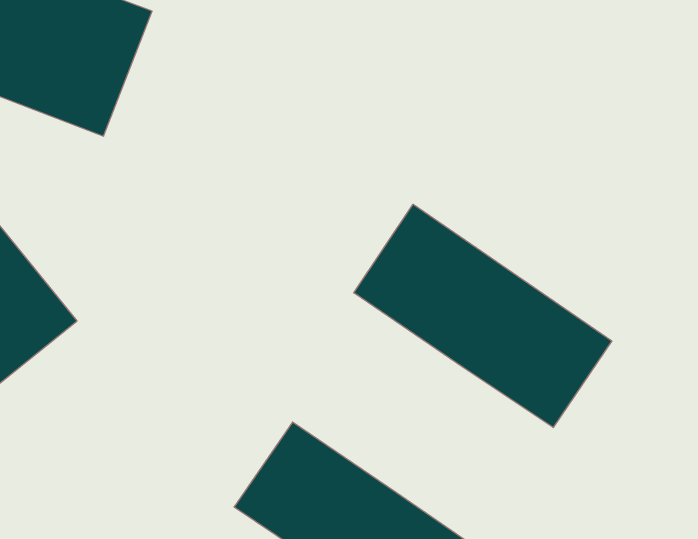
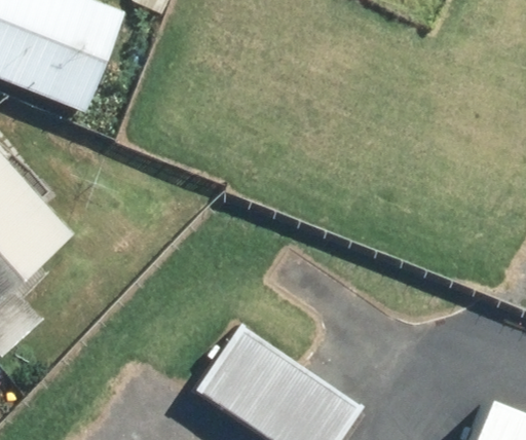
building: [354,204,612,428] -> none

